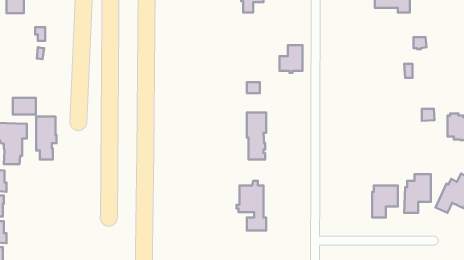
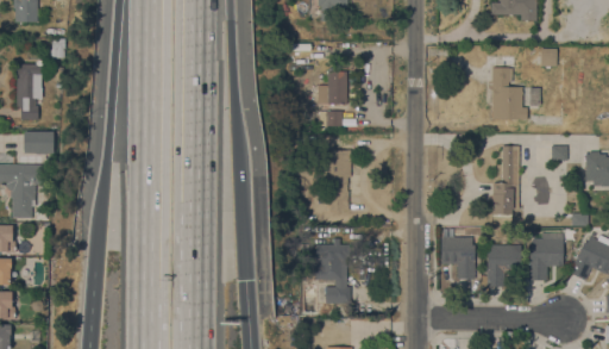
building: none -> [491,62,526,119]
building: [280,45,303,73] -> [316,70,346,106]
building: none -> [492,145,519,214]
building: [36,116,56,160] -> [15,63,42,119]
building: none -> [440,236,475,278]

